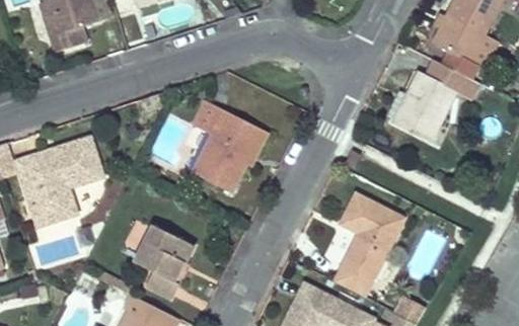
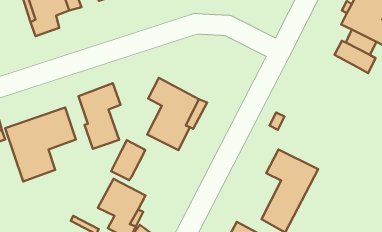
building: [390,71,453,140] -> none
building: none -> [78,83,120,149]
building: none -> [111,140,145,180]

